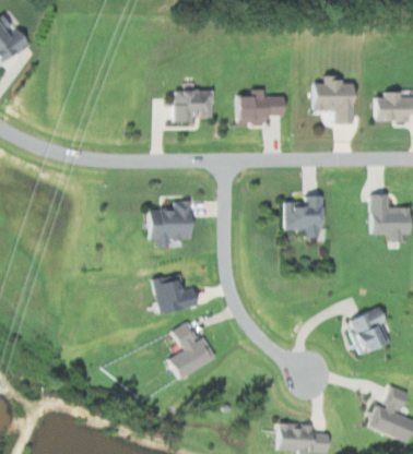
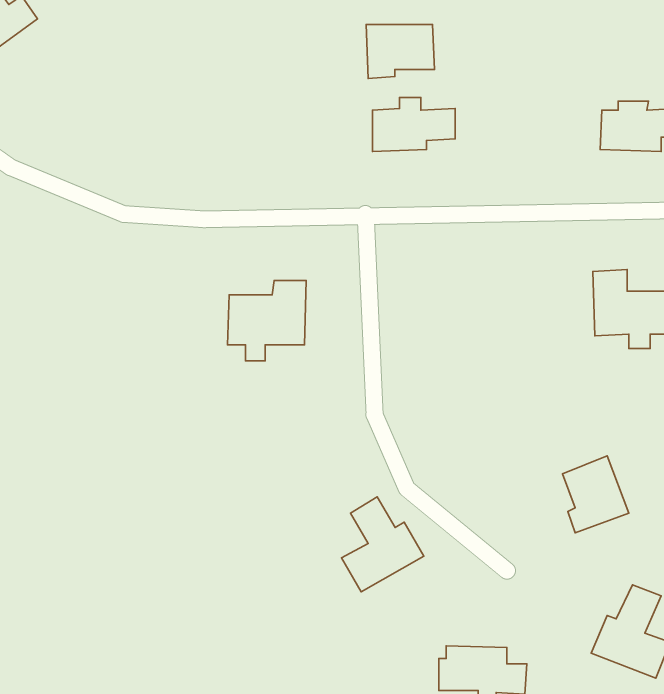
building: [310,81,355,124] -> none
building: [173,91,214,123] -> [366,25,434,78]
building: [283,196,320,238] -> none
building: [153,278,198,313] -> none
building: [165,323,215,381] -> [341,497,424,592]

